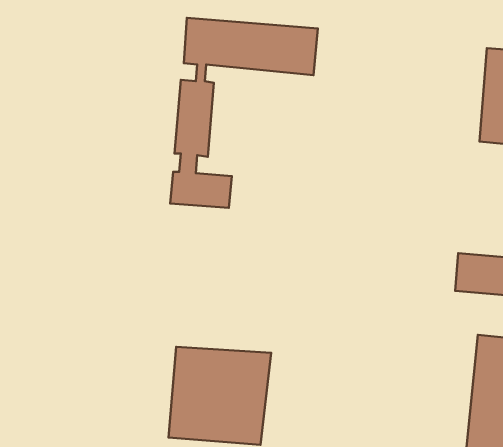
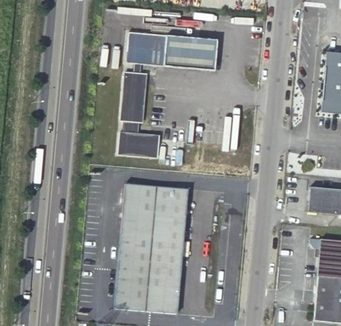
building: none -> [121,184,188,253]

